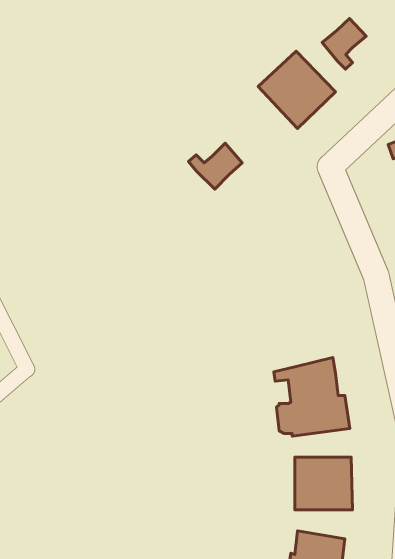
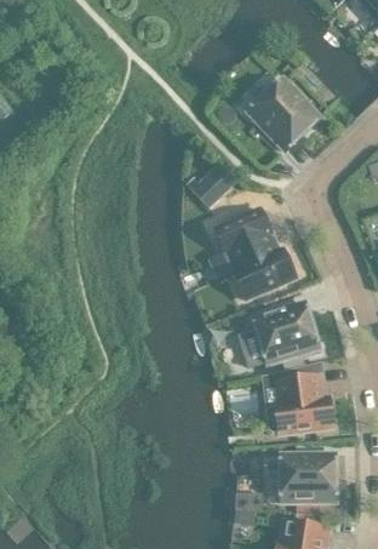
building: [322,19,366,69] -> none
building: none -> [217,208,294,299]
building: none -> [237,302,319,365]

